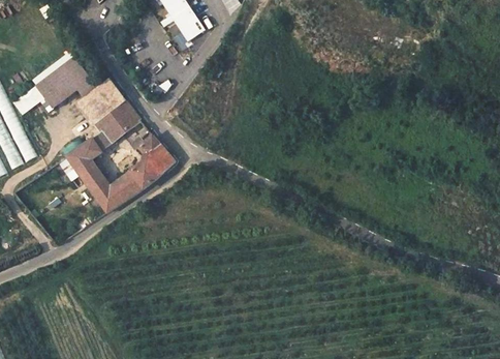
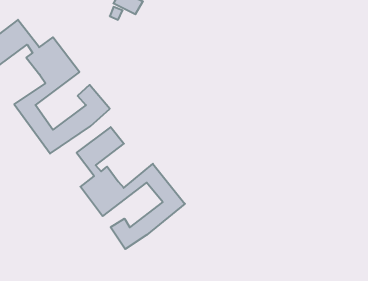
building: none -> [77,127,185,249]

